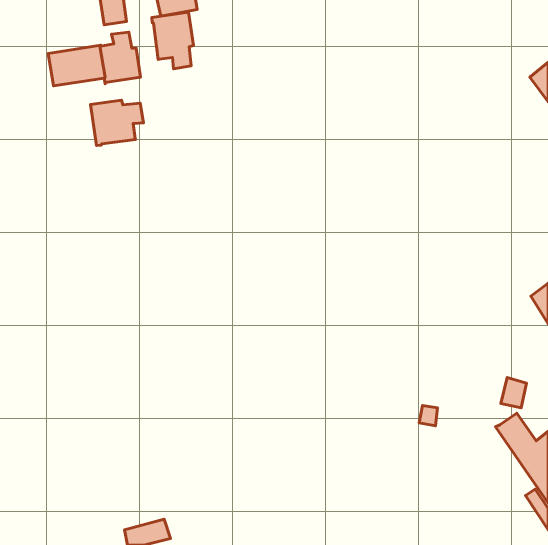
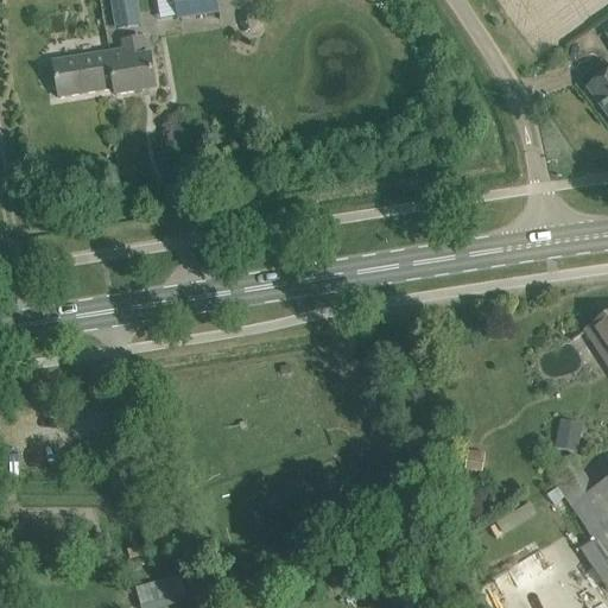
building: [152,12,194,69] -> none
building: [91,100,144,145] -> none

